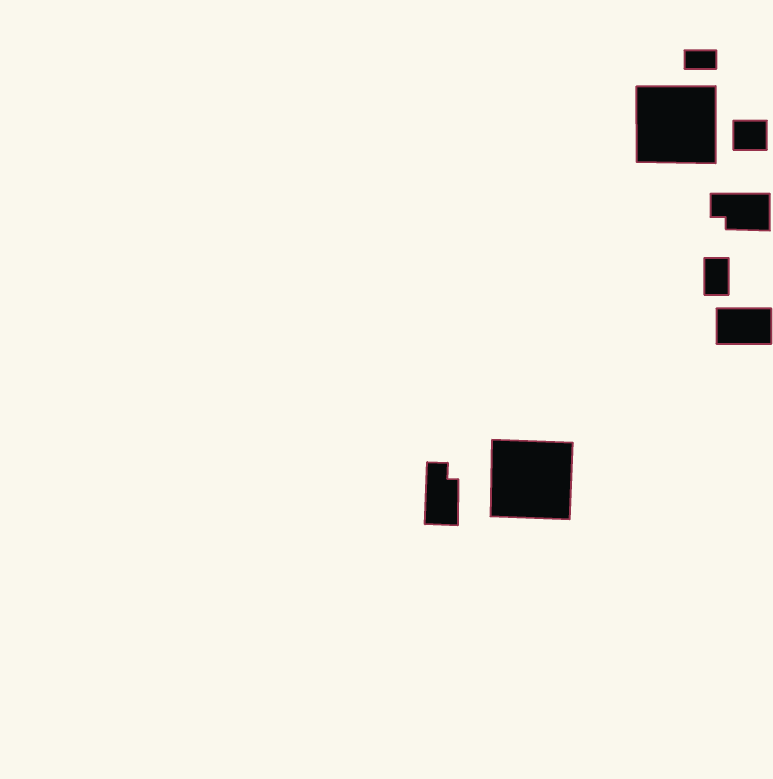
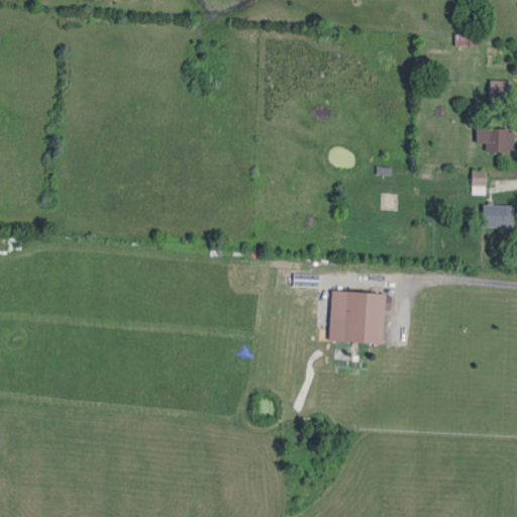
building: [637,86,716,163] -> none
building: [425,462,458,525] -> none

